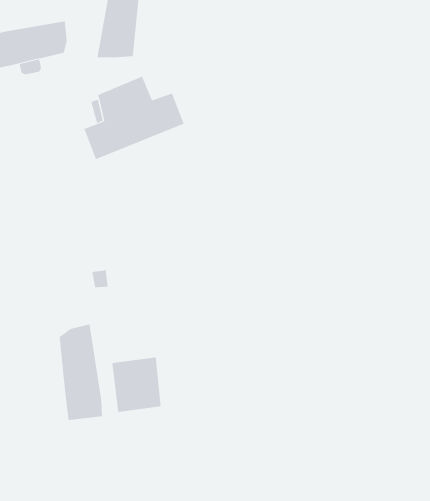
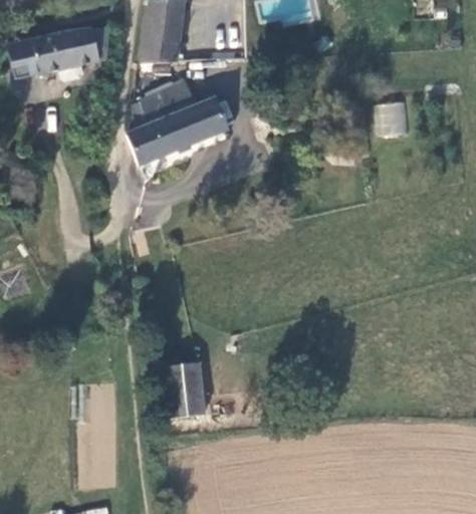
building: none -> [375,101,406,134]
building: [59,324,102,421] -> none

